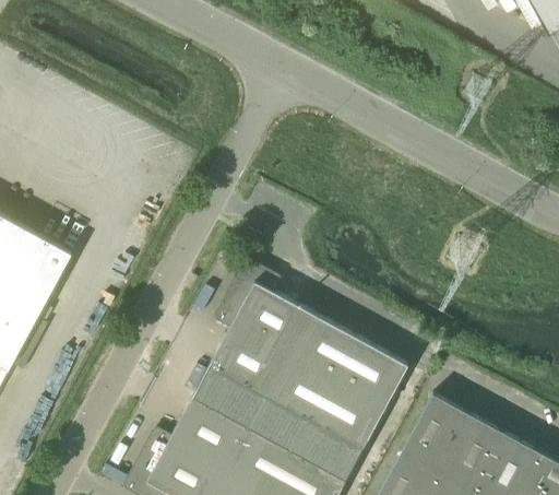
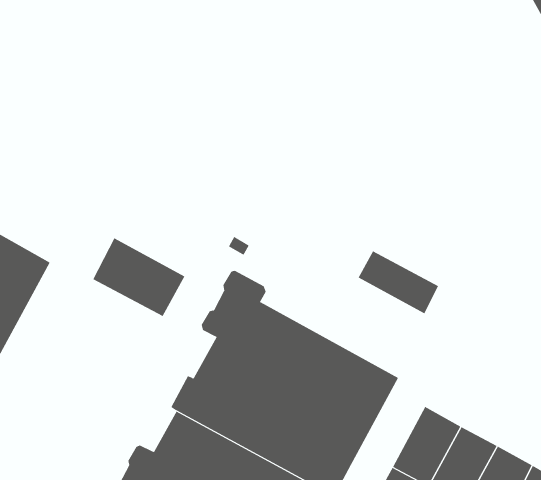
building: none -> [92,237,185,317]
building: none -> [358,250,439,314]

